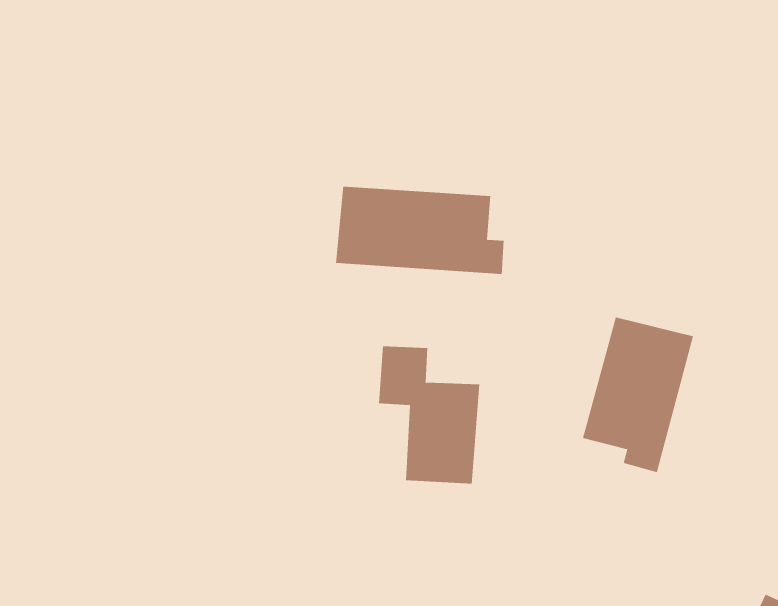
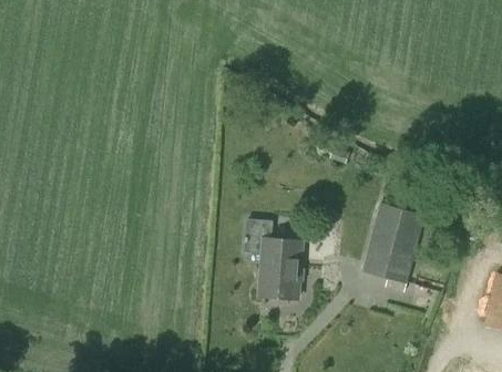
building: [335,186,504,275] -> none

